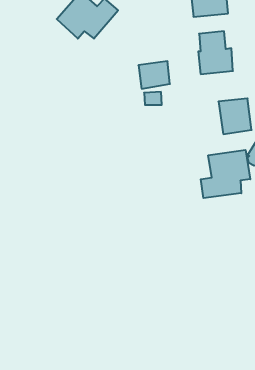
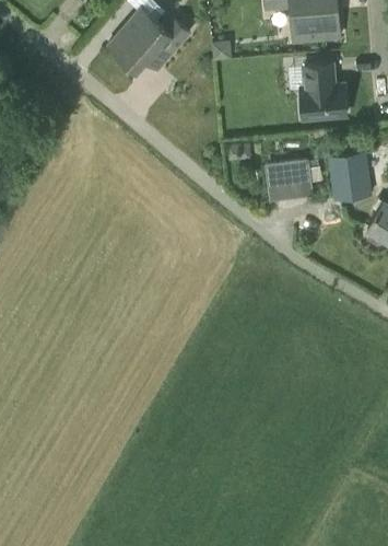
building: [138,61,170,89] -> [267,160,309,197]
building: [201,150,250,198] -> none

